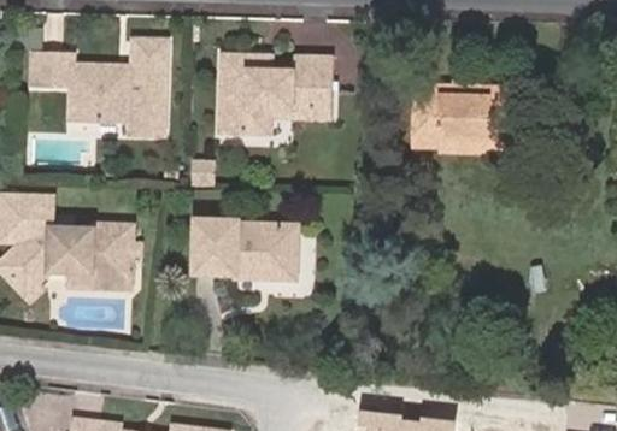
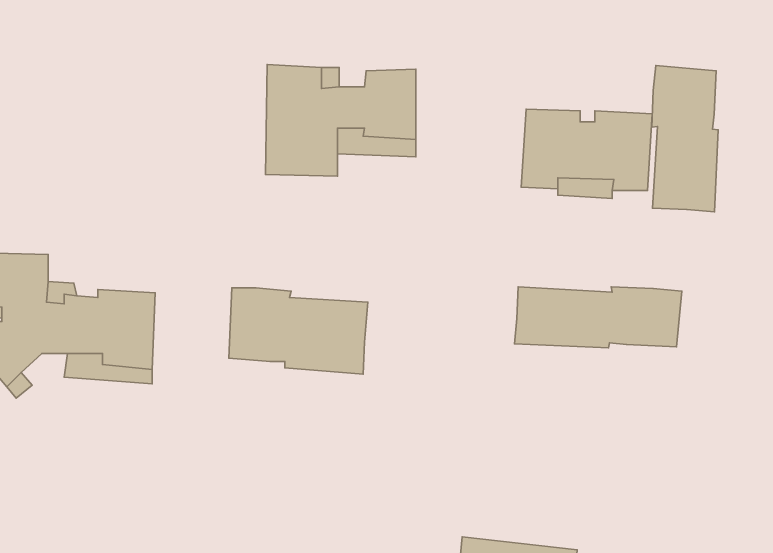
building: [28,41,165,138] -> none
building: none -> [652,66,718,212]
building: none -> [514,287,682,348]

